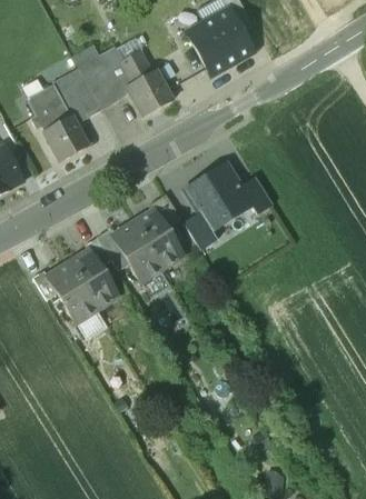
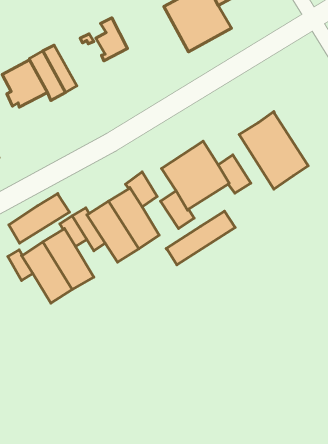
building: [79,61,118,108] -> none
building: [128,69,172,114] -> none
building: [44,114,88,159] -> none
building: none -> [239,112,308,189]
building: none -> [9,193,70,243]
building: none -> [166,211,235,265]

